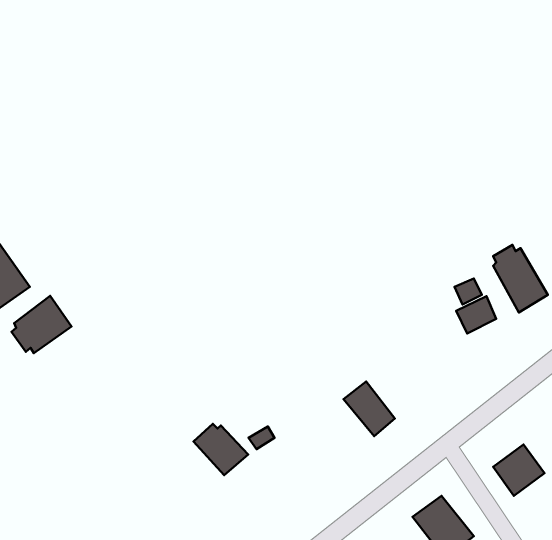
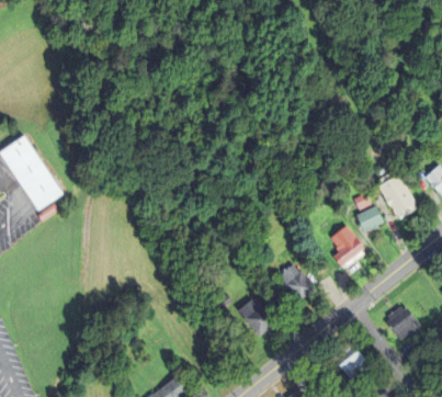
building: [11,296,71,353] -> none
building: none -> [333,227,365,266]
building: [194,424,248,475] -> [240,299,277,334]

